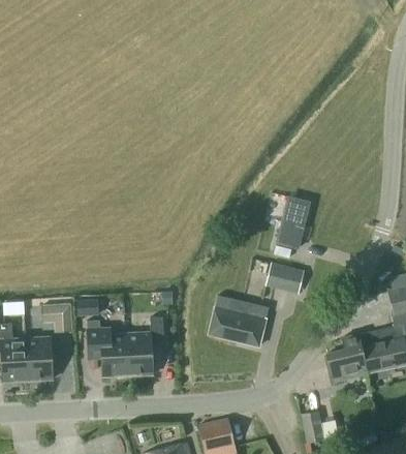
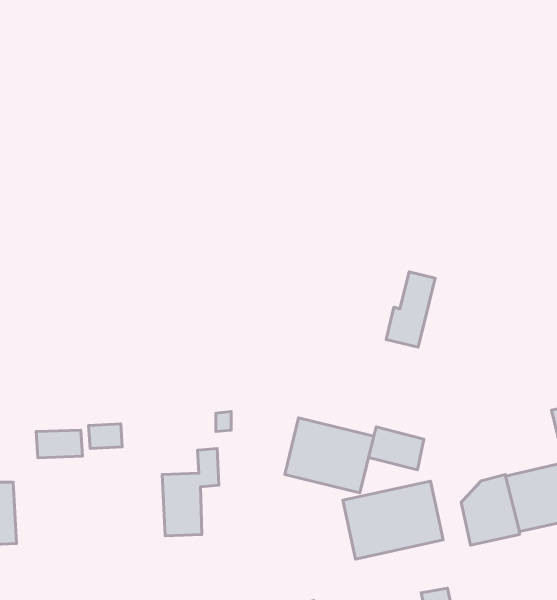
building: [266,263,303,292] -> [369,427,424,470]
building: [87,320,127,376] -> none
building: [25,337,52,381] -> none
building: none -> [343,481,443,559]

